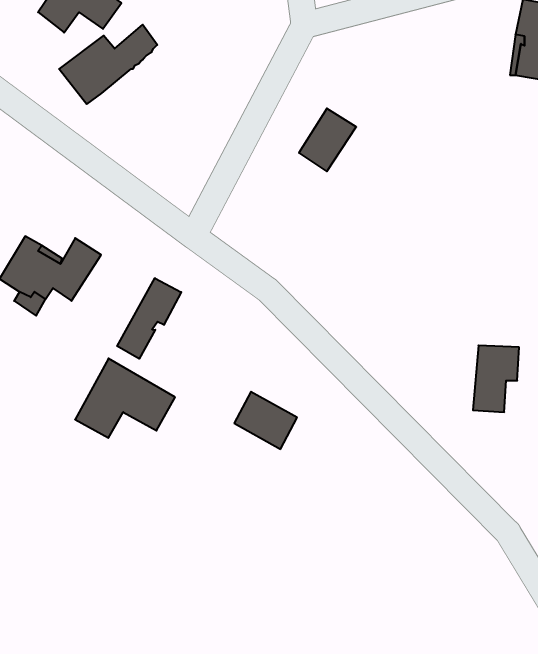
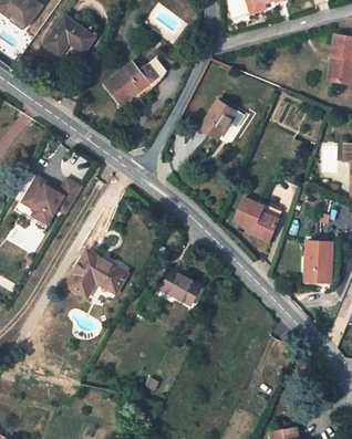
building: [59,25,157,104] -> [105,58,164,105]
building: none -> [234,197,280,238]
building: [117,278,181,359] -> none

